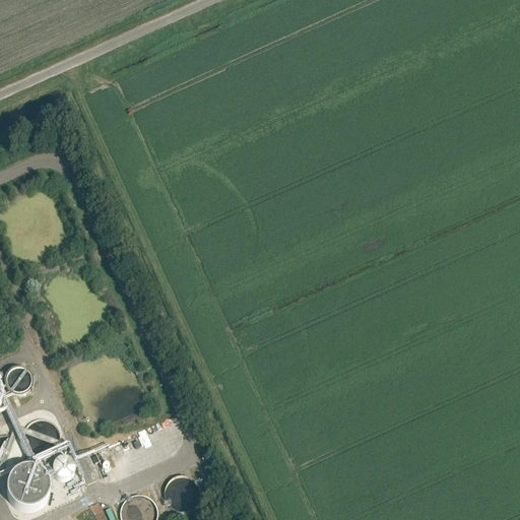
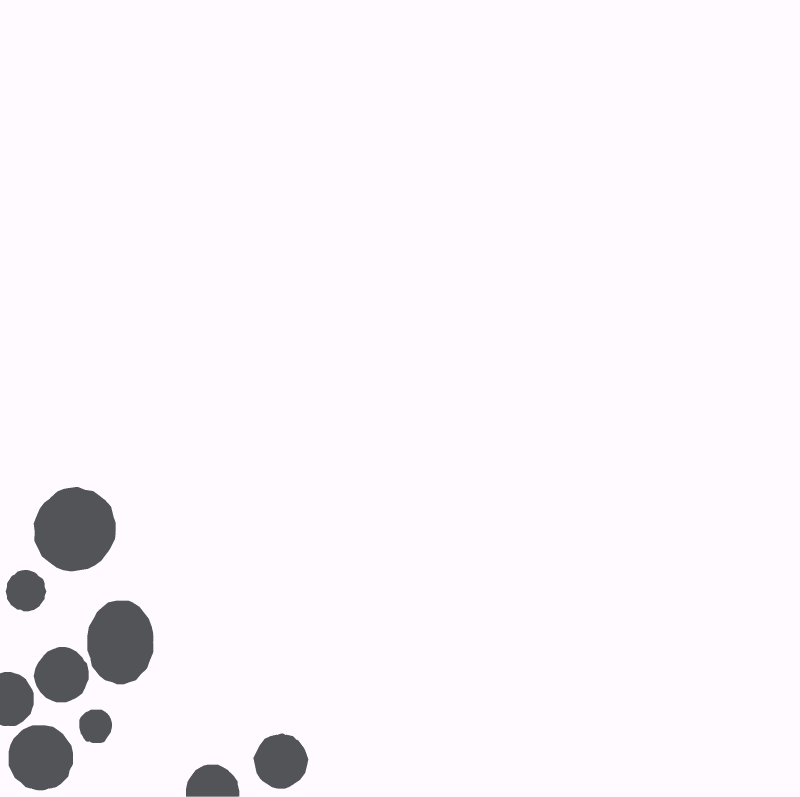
building: none -> [33,486,116,572]
building: none -> [87,600,154,685]

